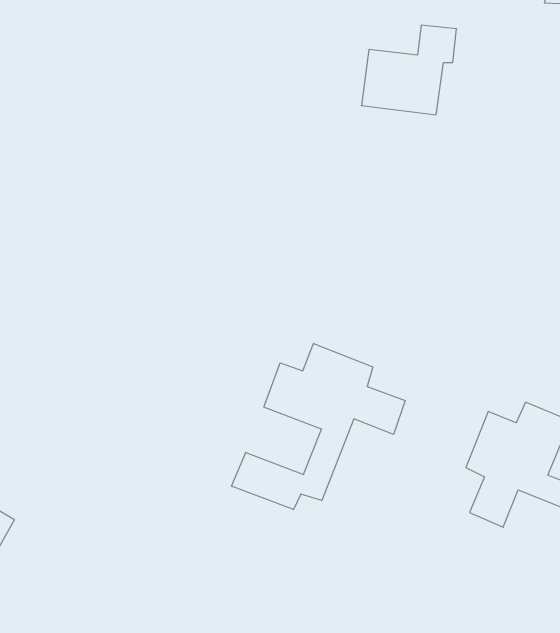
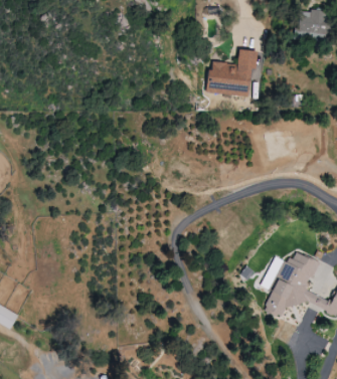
building: [231,343,405,510] -> none

